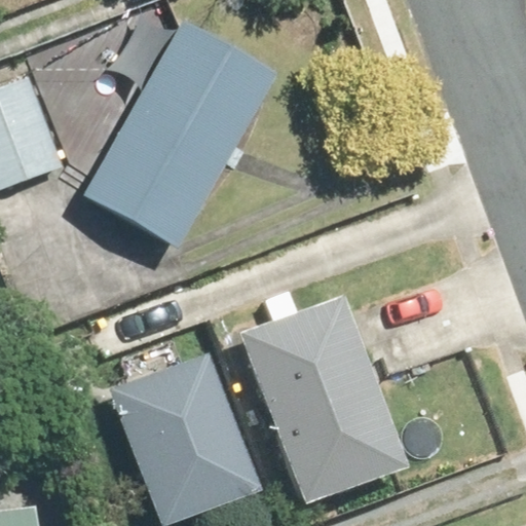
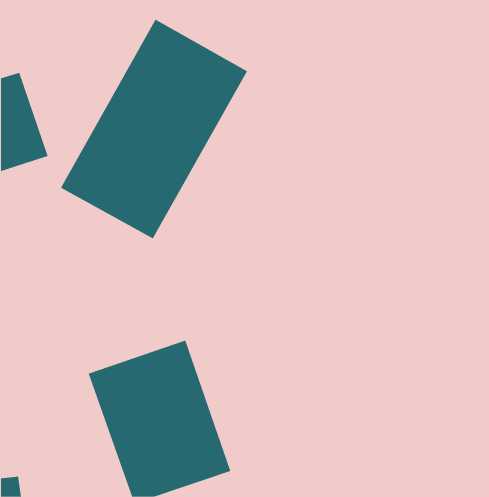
building: [237,292,403,504] -> none

